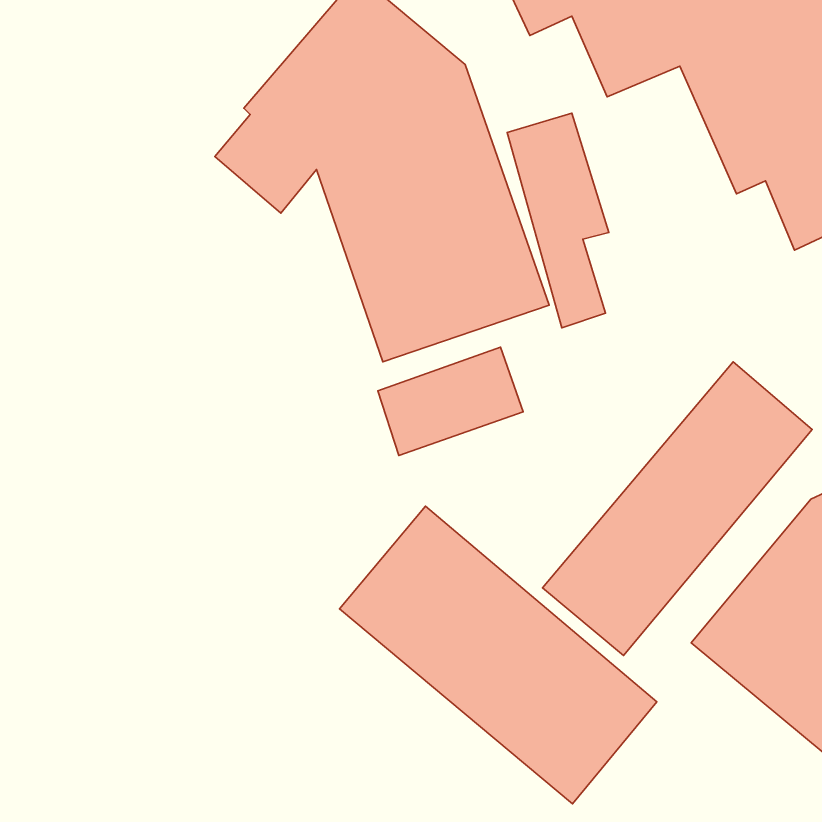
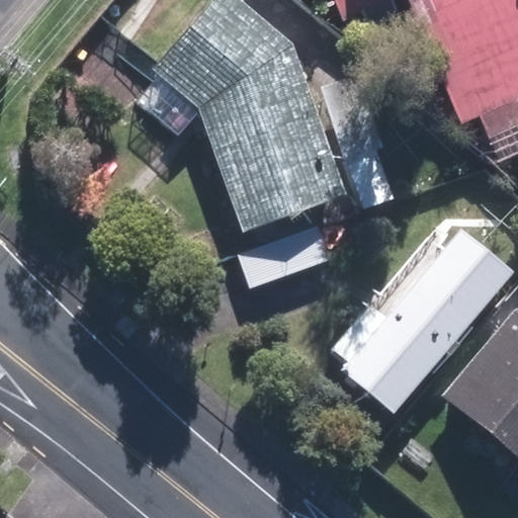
building: [339,506,657,804] -> none

